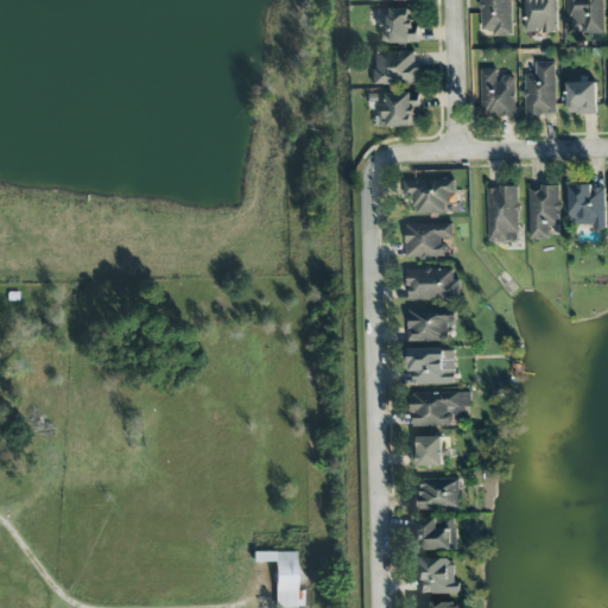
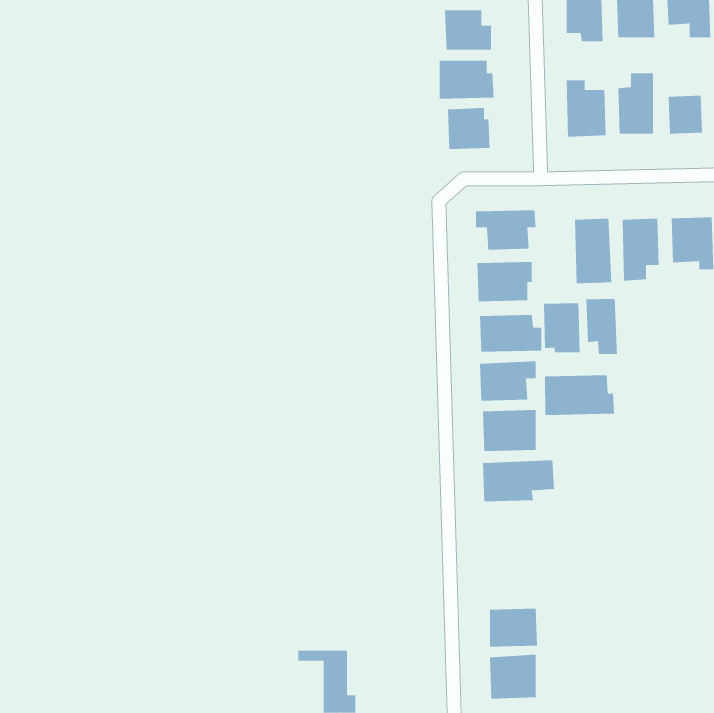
building: none -> [586,298,618,355]
building: none -> [543,303,580,353]
building: none -> [544,374,615,416]
building: [412,435,445,466] -> none
building: [412,477,461,509] -> none

